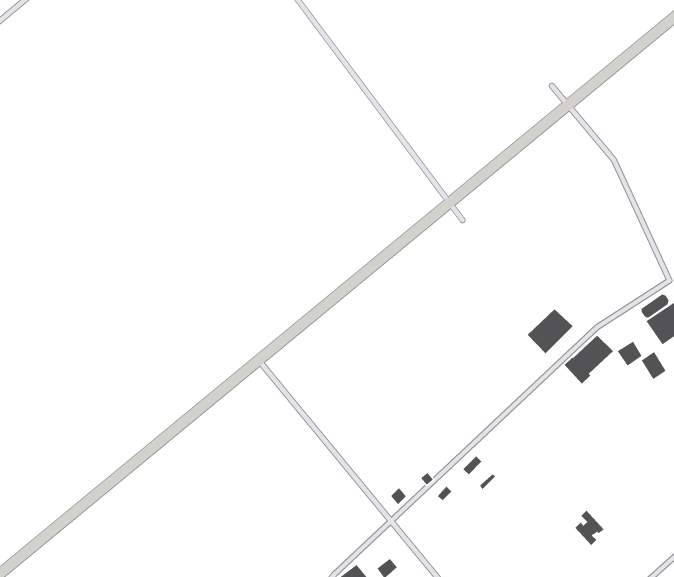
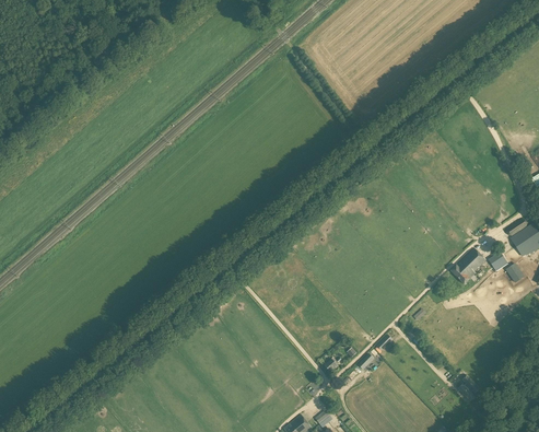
building: [527,309,573,354] -> none

